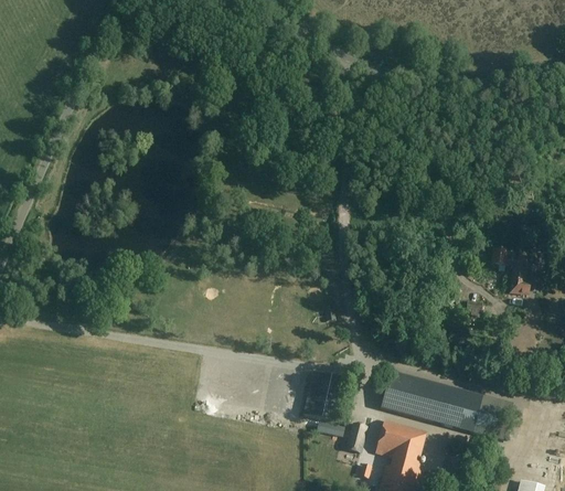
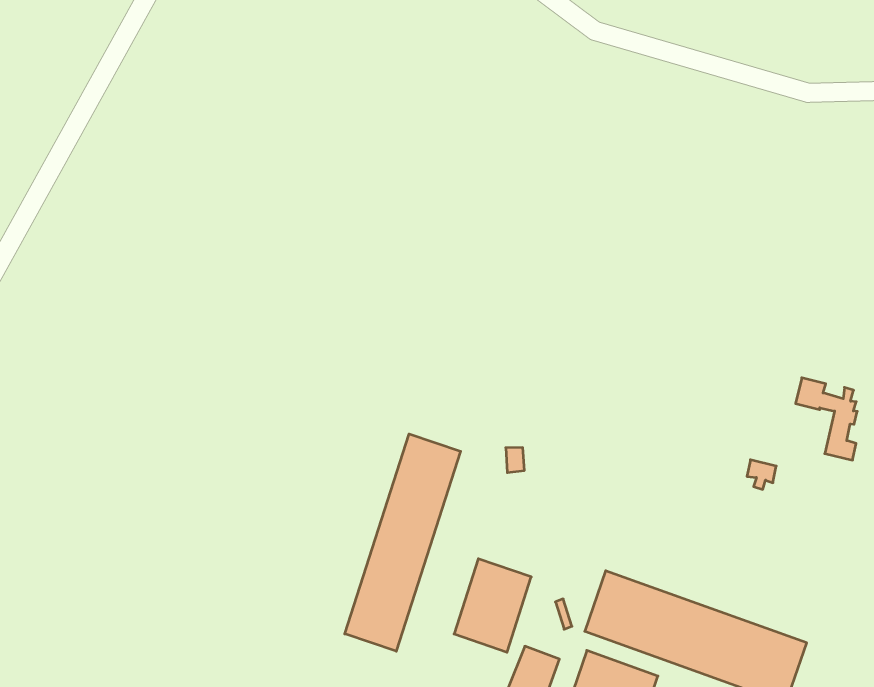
building: none -> [345,434,461,651]

